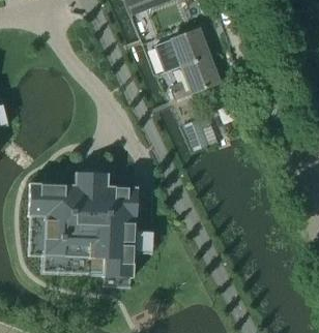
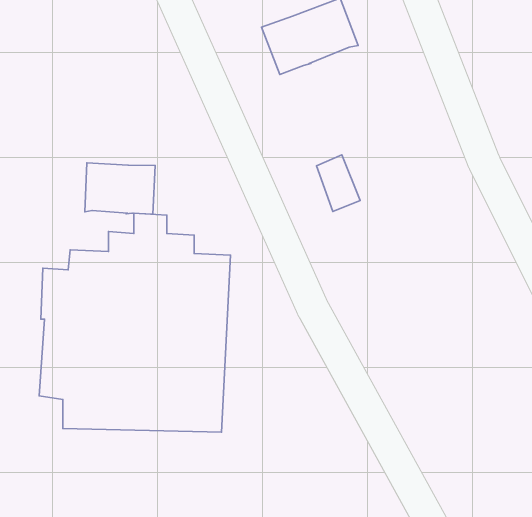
building: [170,56,218,98] -> none
building: none -> [85,163,155,214]

